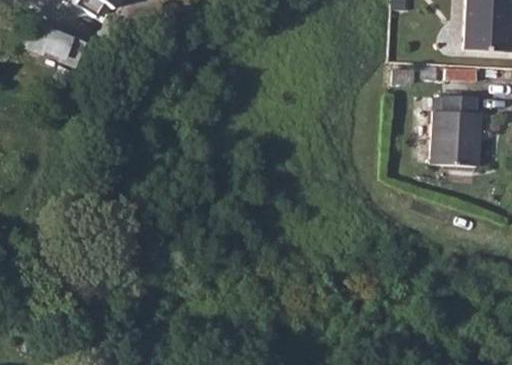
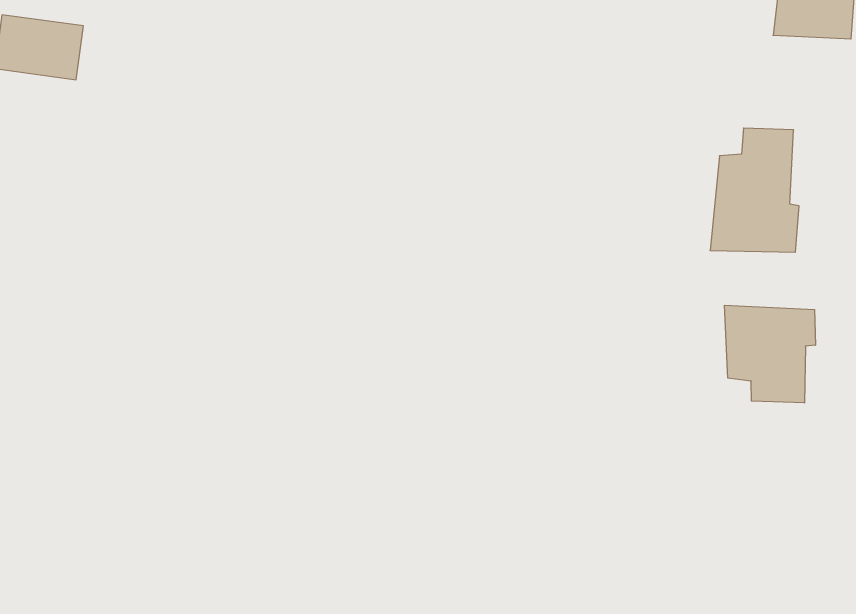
building: none -> [725,305,815,403]

